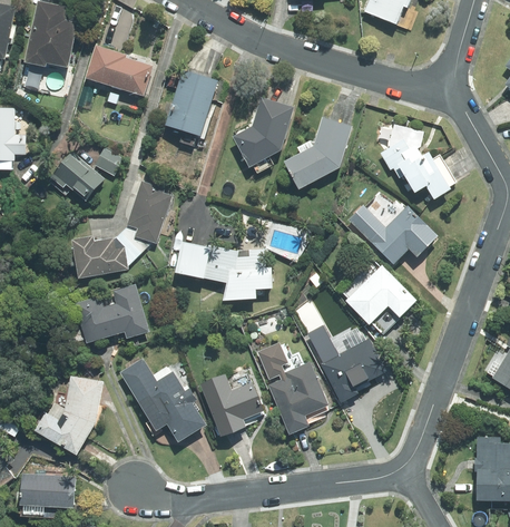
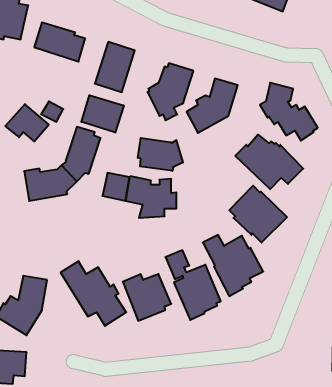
building: none -> [81,95,124,133]
building: none -> [138,138,183,171]
building: [73,284,148,343] -> none

